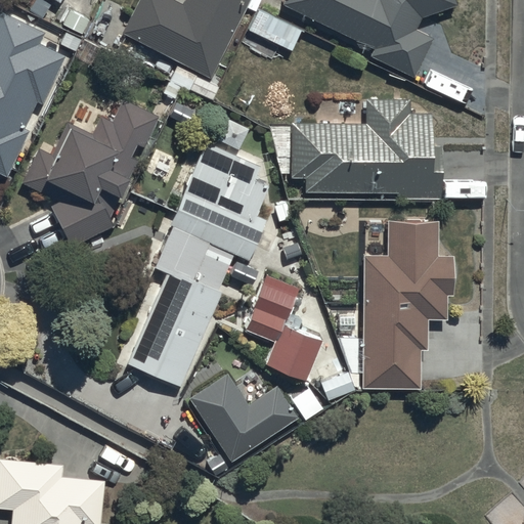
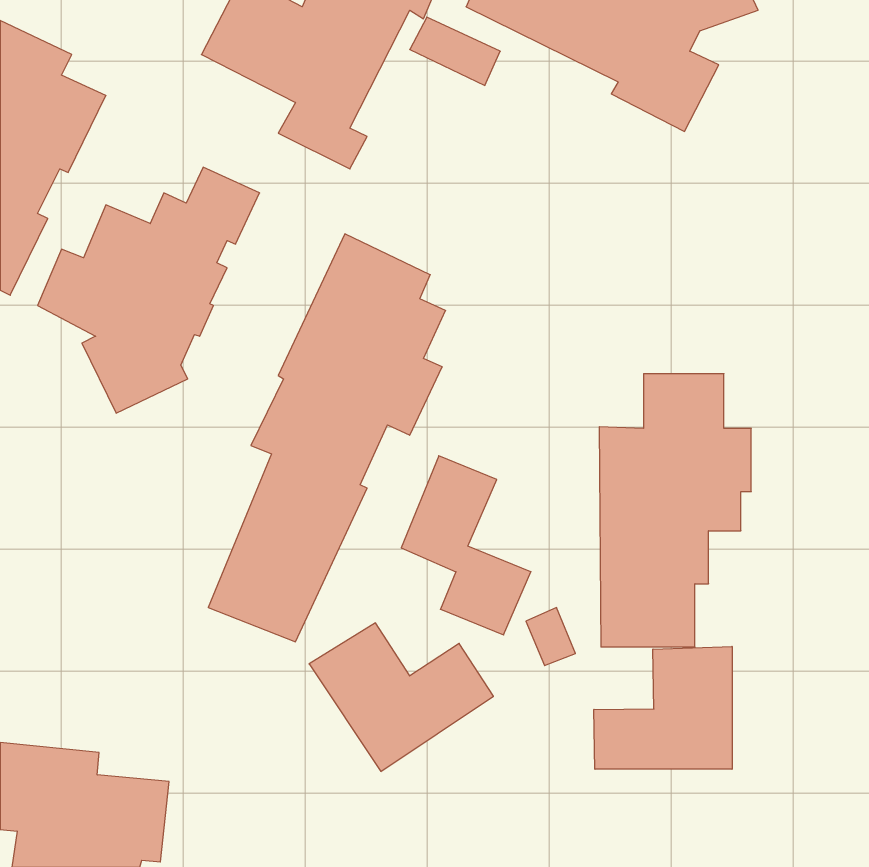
building: [271,99,440,199] -> none
building: none -> [594,646,732,769]

